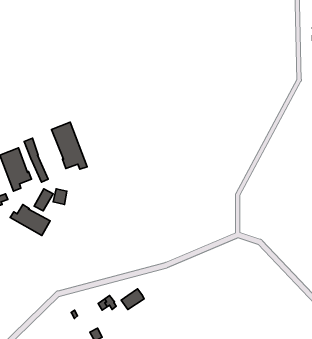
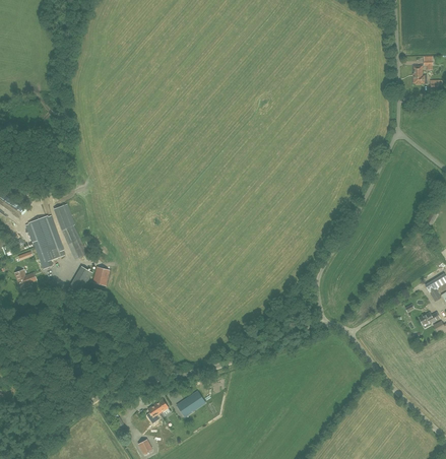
building: [52,122,87,169] -> none
building: [10,205,50,235] -> none

